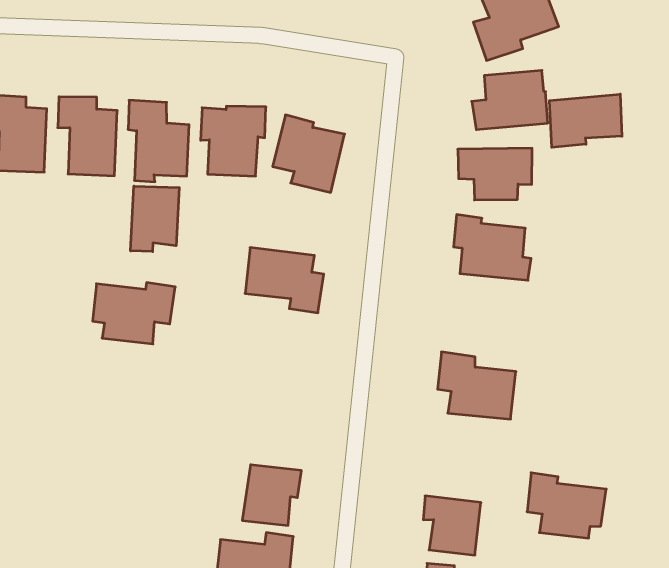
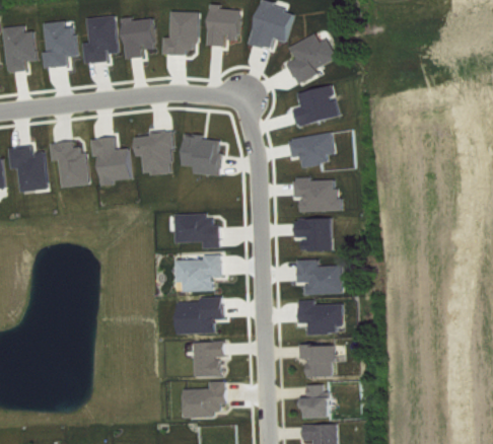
building: [550,94,622,147] -> none
building: [131,186,179,252] -> none
building: [93,283,175,344] -> [174,254,221,291]
building: none -> [295,218,332,250]
building: none -> [177,296,223,334]
building: [527,473,606,538] -> [297,300,343,335]

